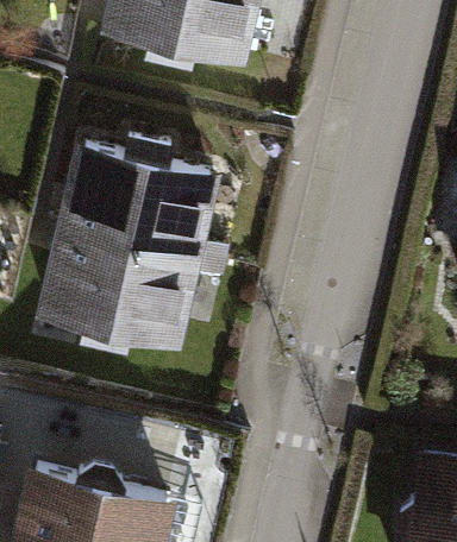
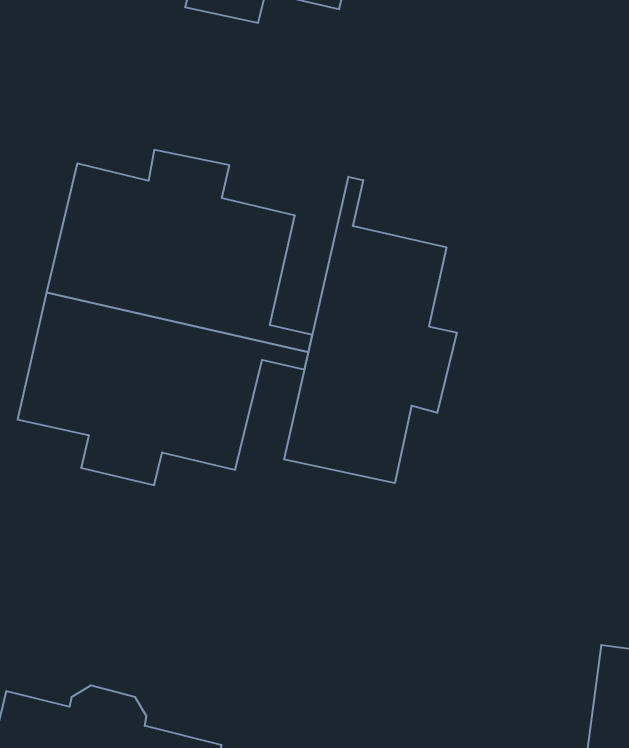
building: none -> [284,177,457,483]

